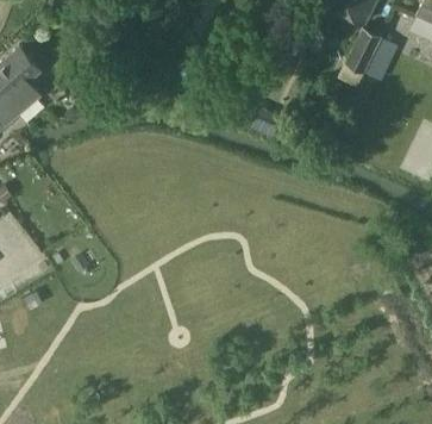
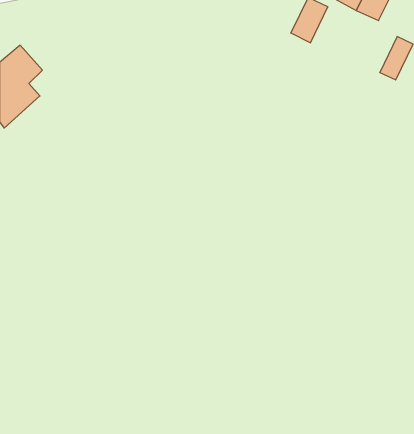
building: [345,29,382,73] -> none

